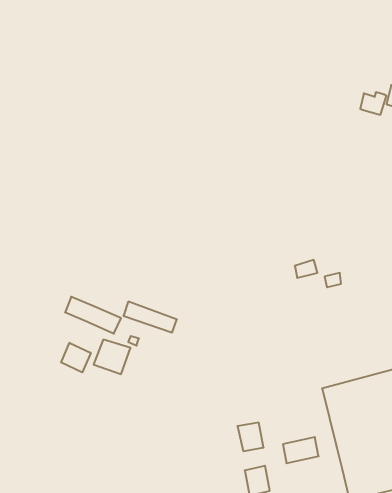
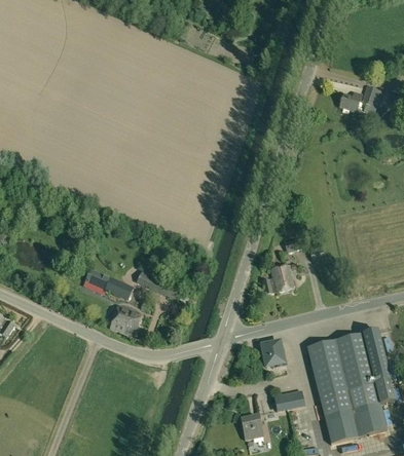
building: none -> [261,264,298,294]
building: [61,343,91,372] -> none
building: [237,423,264,451] -> [261,341,284,366]

